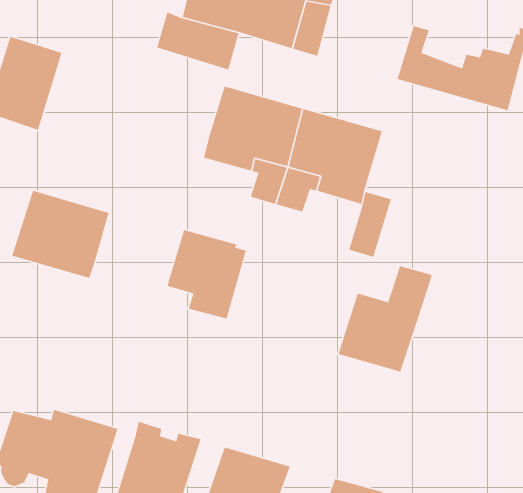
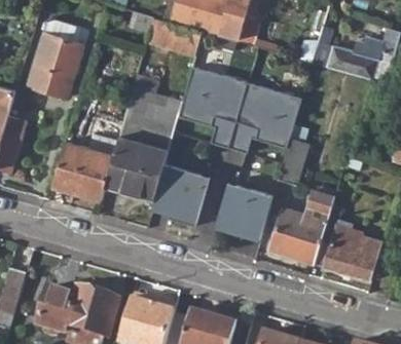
building: none -> [104,84,181,198]
building: none -> [212,183,269,238]
building: none -> [312,207,381,277]

